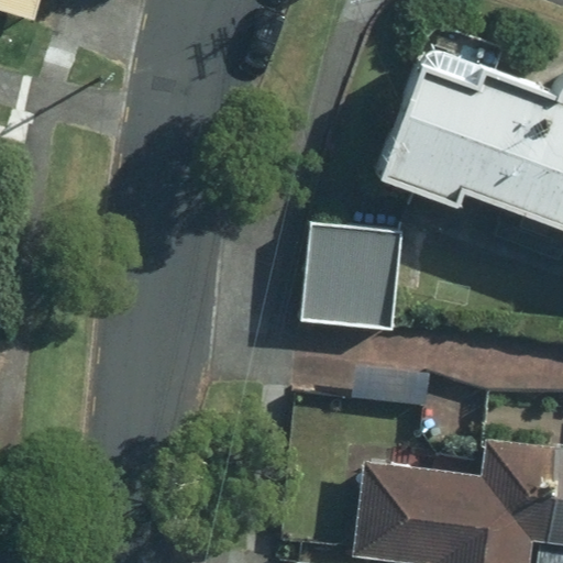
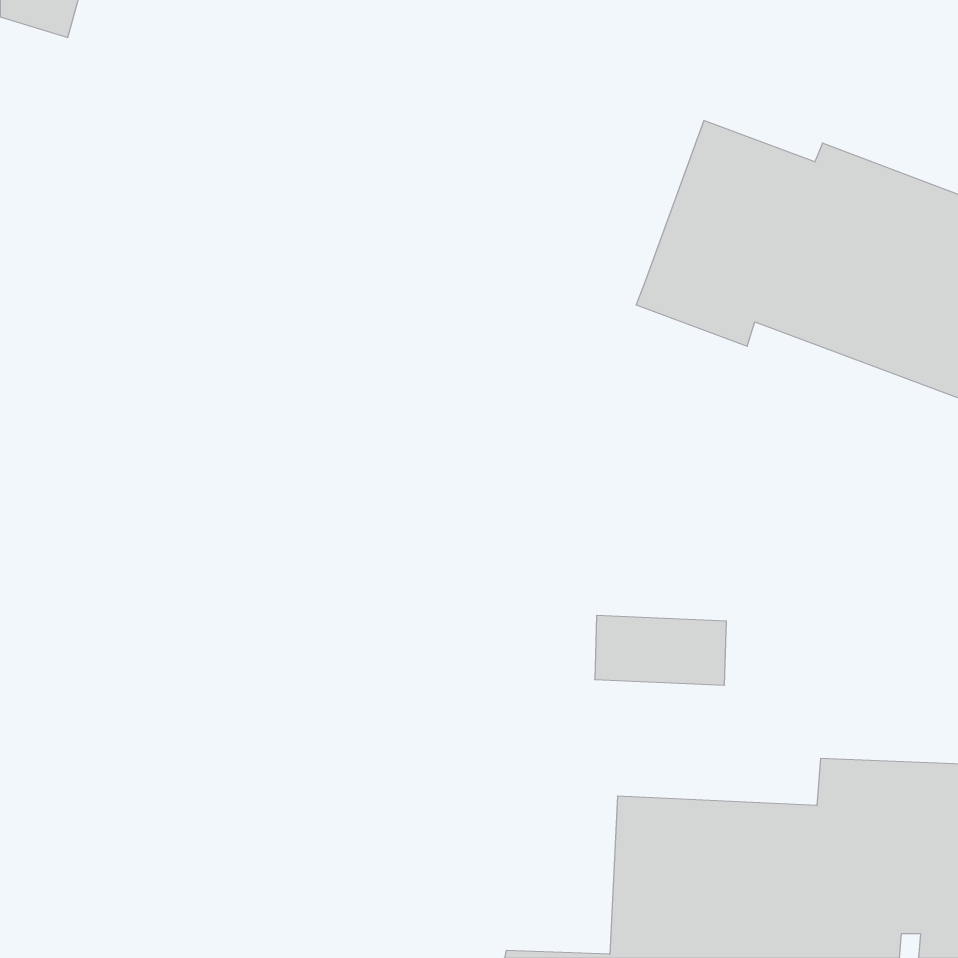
building: [308,224,398,324] -> none

